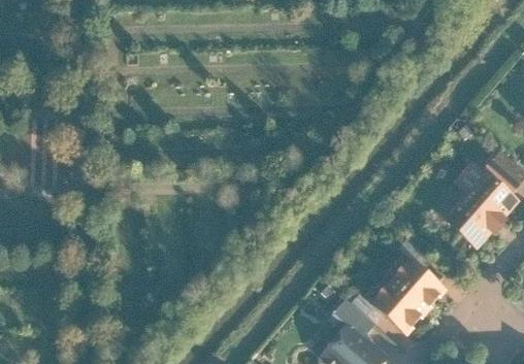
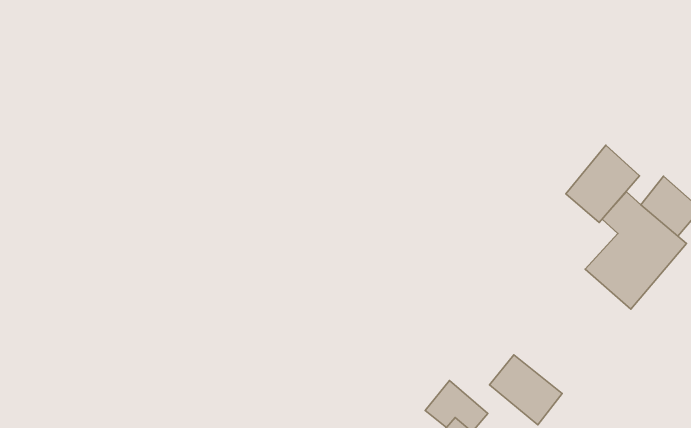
building: none -> [566,145,639,223]
building: [391,259,445,309] -> none

